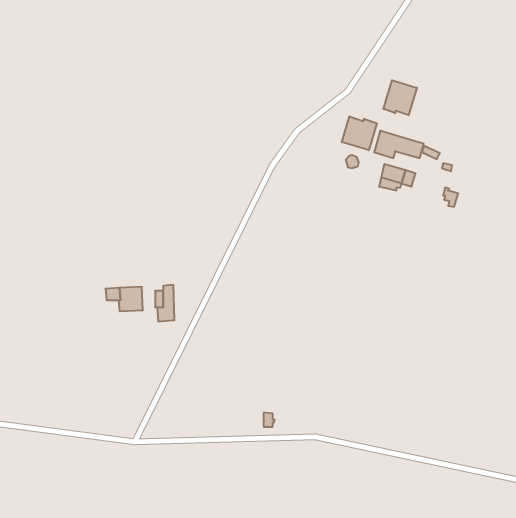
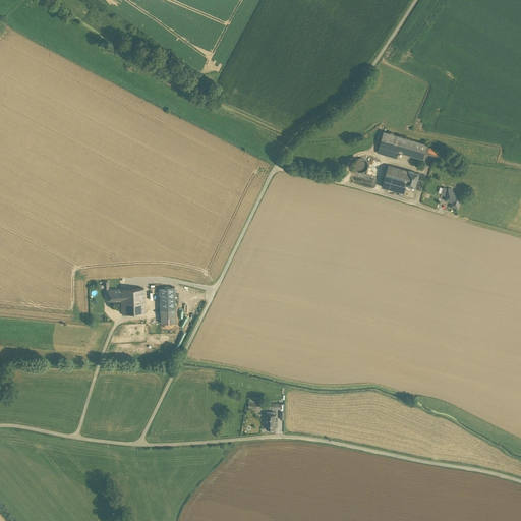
building: [383,80,417,115] -> none
building: [342,116,377,150] -> none

